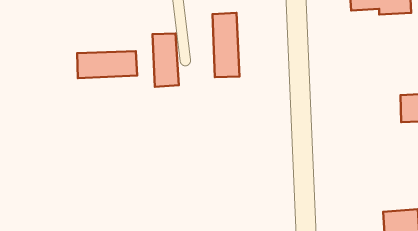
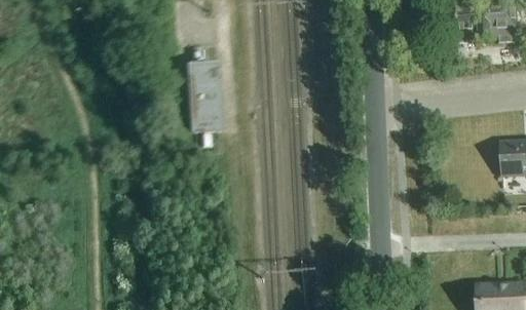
building: [213,13,240,77] -> none
building: [77,51,137,78] -> none

